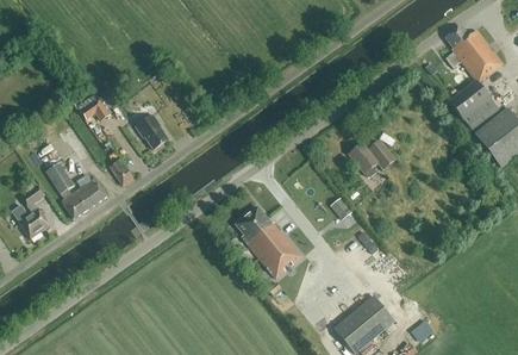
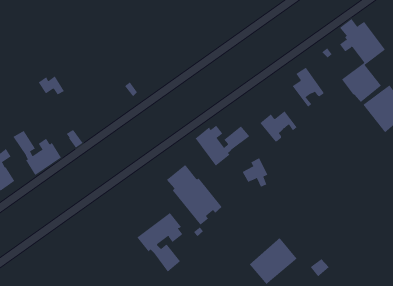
building: none -> [292,67,324,107]
building: [136,114,168,150] -> none
building: none -> [195,125,250,167]
building: none -> [137,212,183,273]

